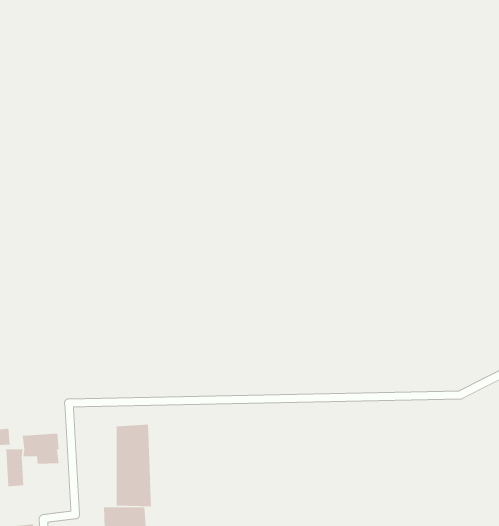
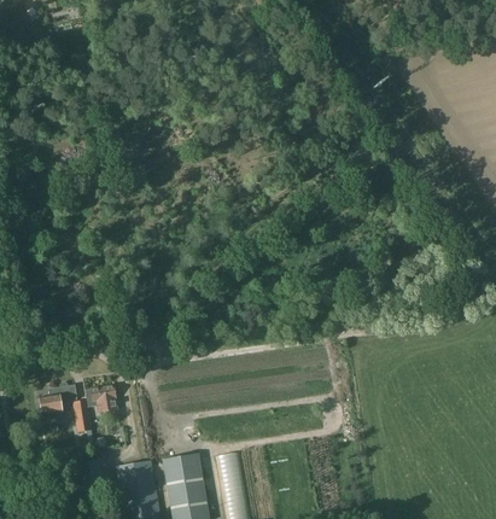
building: [116,424,151,507] -> none

